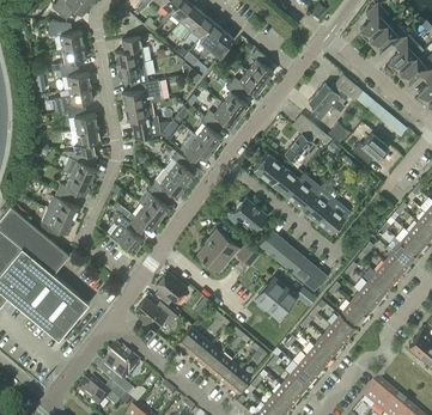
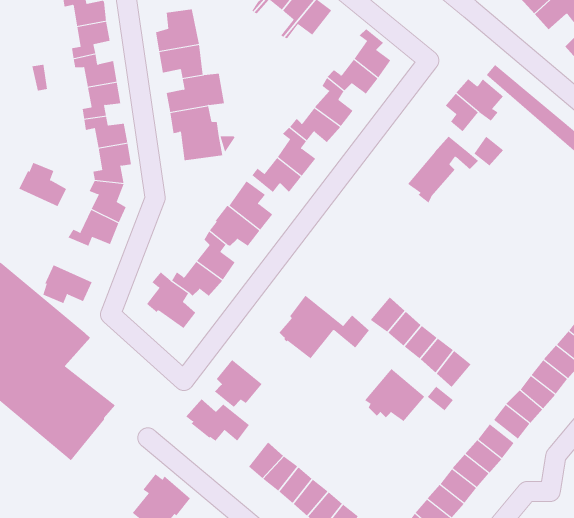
building: [352,133,388,164] -> none
building: [252,152,349,233] -> none
building: [47,190,79,220] -> [19,162,67,207]
building: [232,197,268,231] -> none

